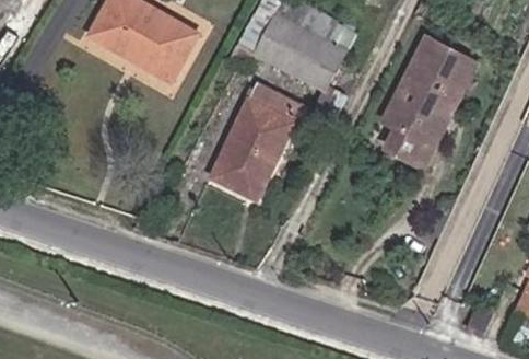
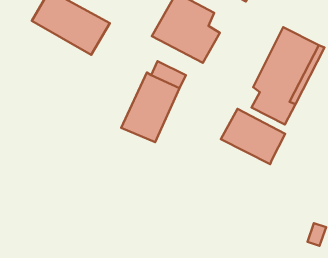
building: none -> [221,109,285,164]

